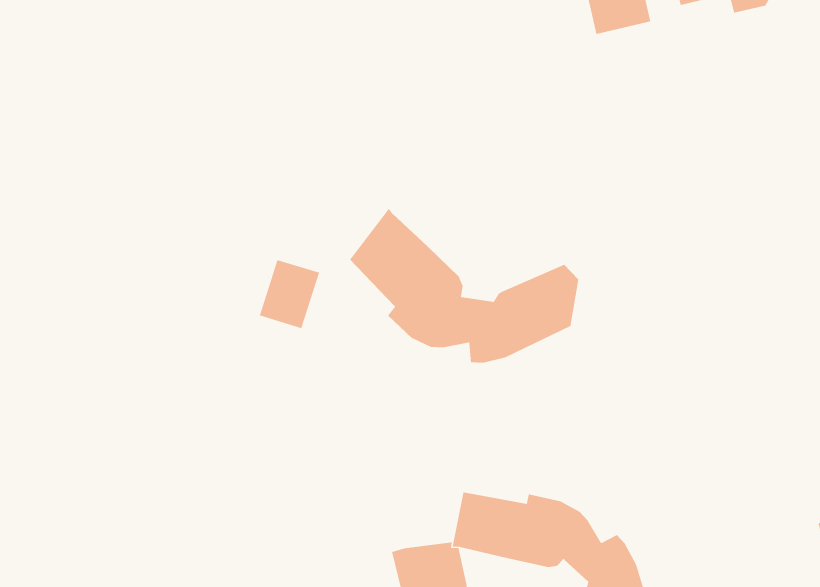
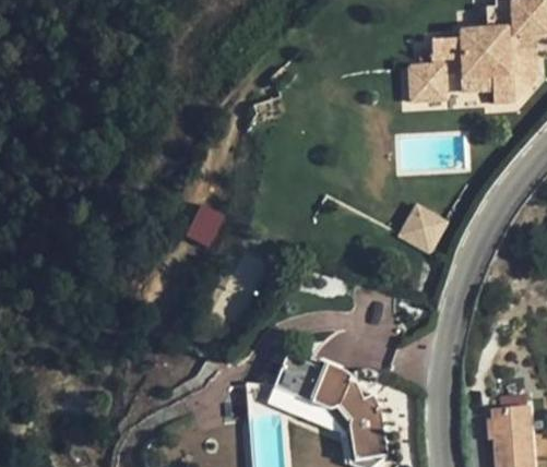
building: none -> [397,203,450,255]
building: [349,208,579,364] -> none

